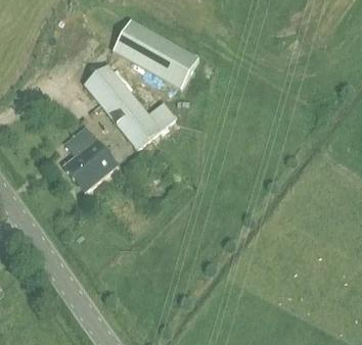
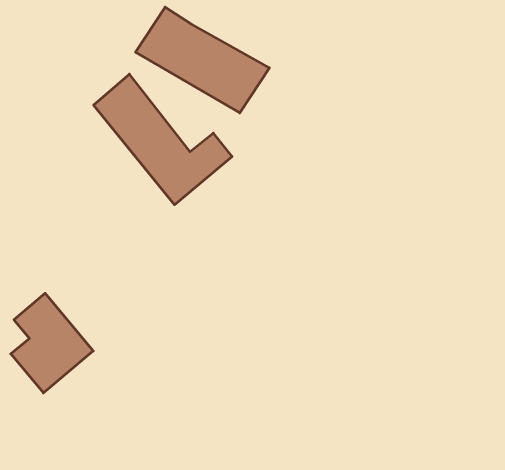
building: [63,126,118,191] -> [11,293,93,393]

